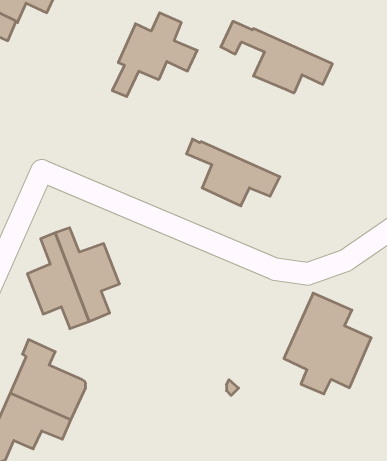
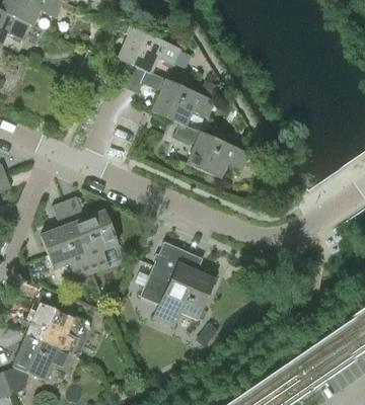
building: [221,21,332,93] -> [123,66,216,126]
building: [284,293,371,394] -> [139,241,212,325]

